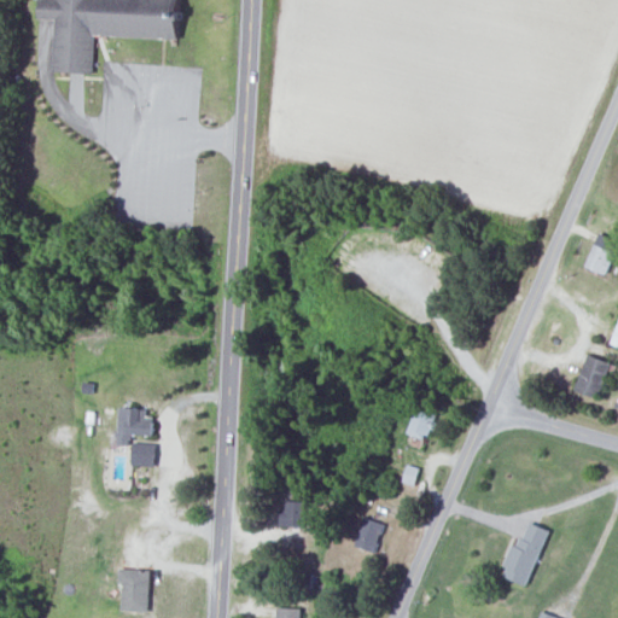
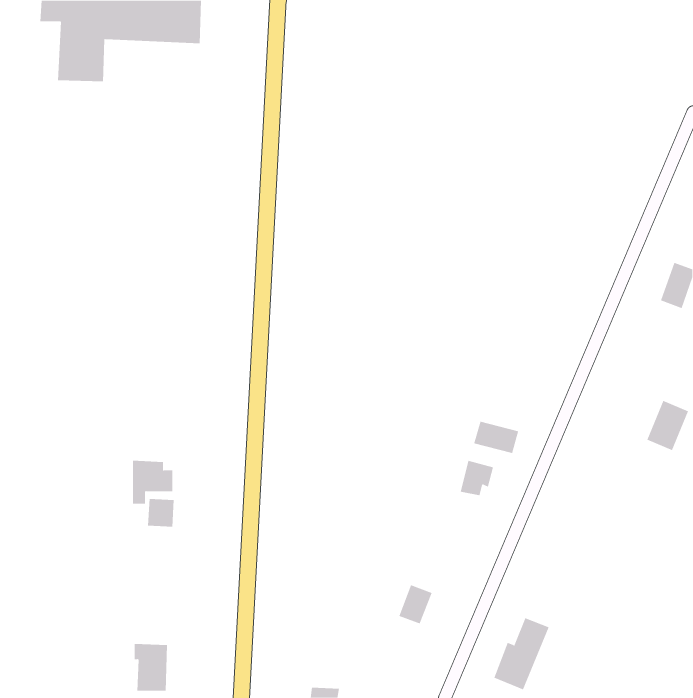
building: none -> [474,421,519,454]
building: [280,500,304,526] -> none
building: [499,521,548,585] -> [493,618,549,690]

